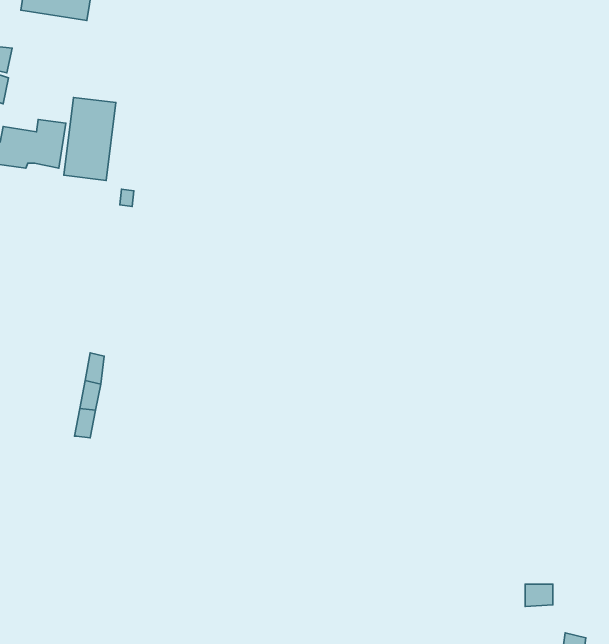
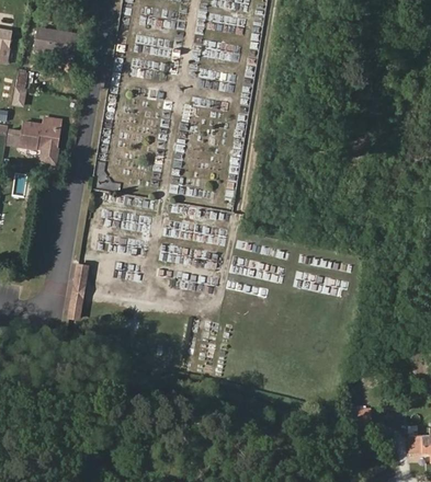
building: [64,97,116,180] -> none

